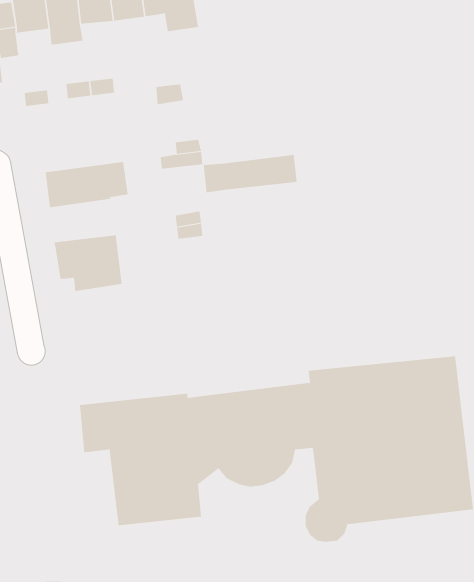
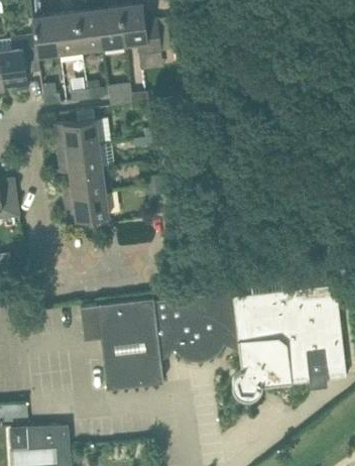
building: none -> [108,81,132,107]
building: none -> [53,117,110,149]
building: [203,154,297,193] -> none
building: none -> [60,167,105,197]

